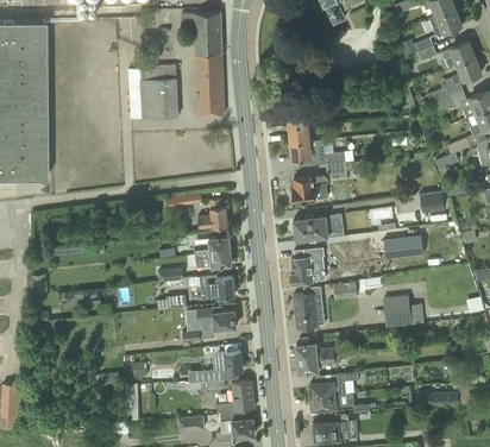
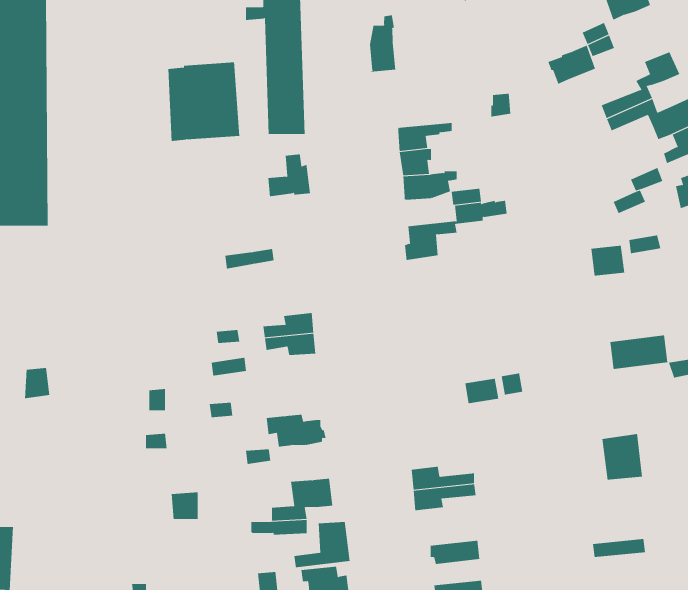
building: none -> [369,15,396,73]
building: [441,42,475,69] -> [547,45,596,84]
building: [197,200,227,229] -> [268,154,311,197]
building: [291,216,332,241] -> none
building: [383,235,423,259] -> [610,335,668,369]
building: [290,248,325,284] -> none
building: [197,276,235,298] -> none
building: [293,288,323,329] -> none
building: [383,296,412,328] -> [602,434,643,480]
building: [308,373,358,398] -> none

